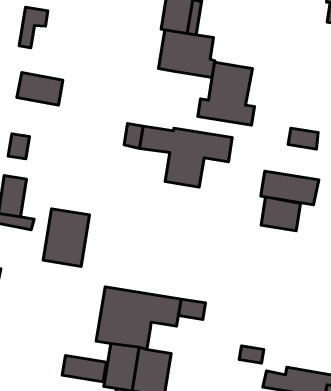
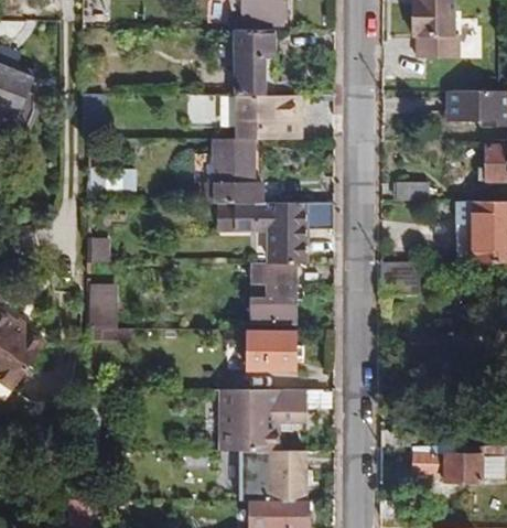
building: [198,62,254,125] -> [202,139,262,202]
building: [261,171,319,205] -> none
building: [43,209,90,266] -> [250,263,293,322]
building: none -> [247,327,293,368]
building: [62,355,106,382] -> none

